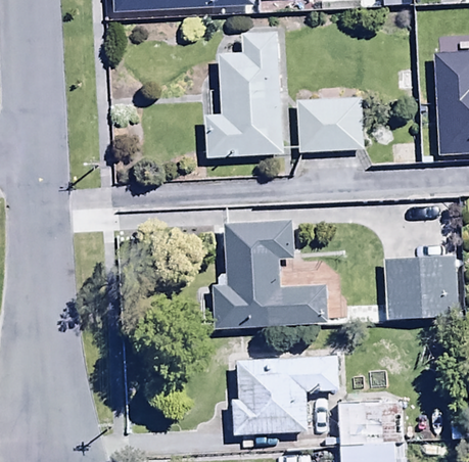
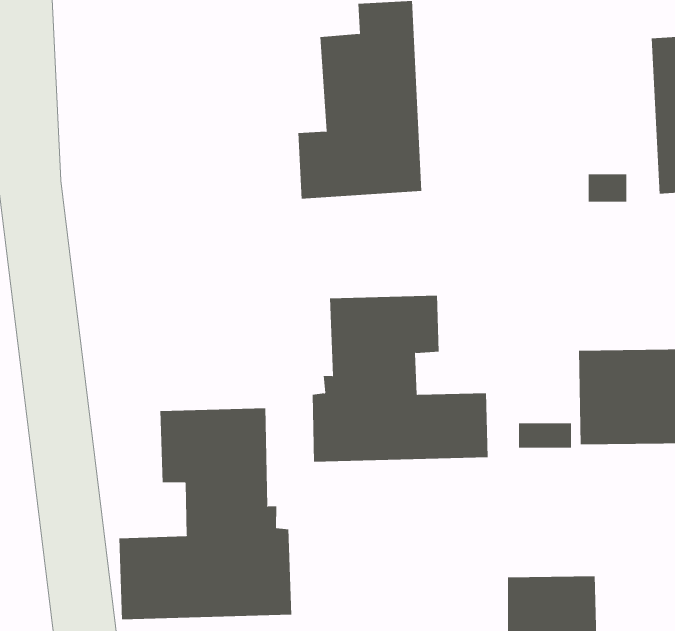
building: [297,98,363,153] -> none
building: none -> [119,407,292,620]
building: [232,356,338,433] -> none

